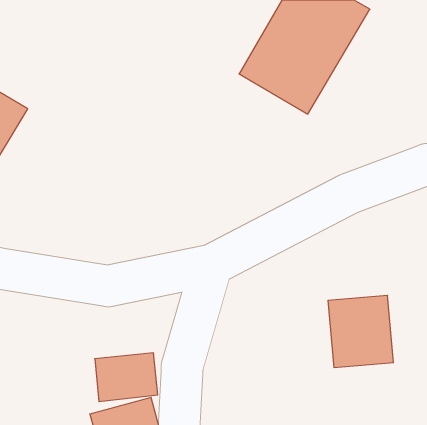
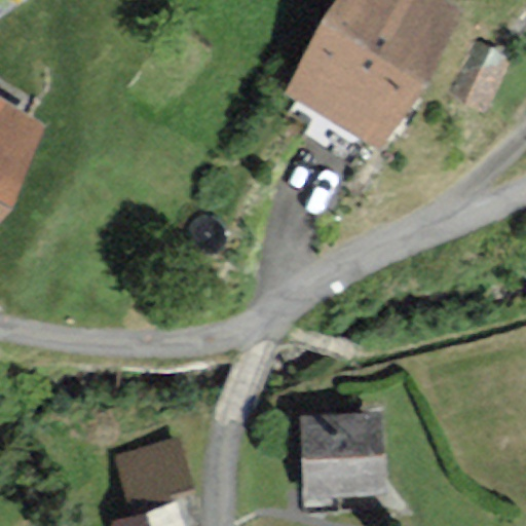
building: [328,295,393,368] -> [303,418,383,506]

